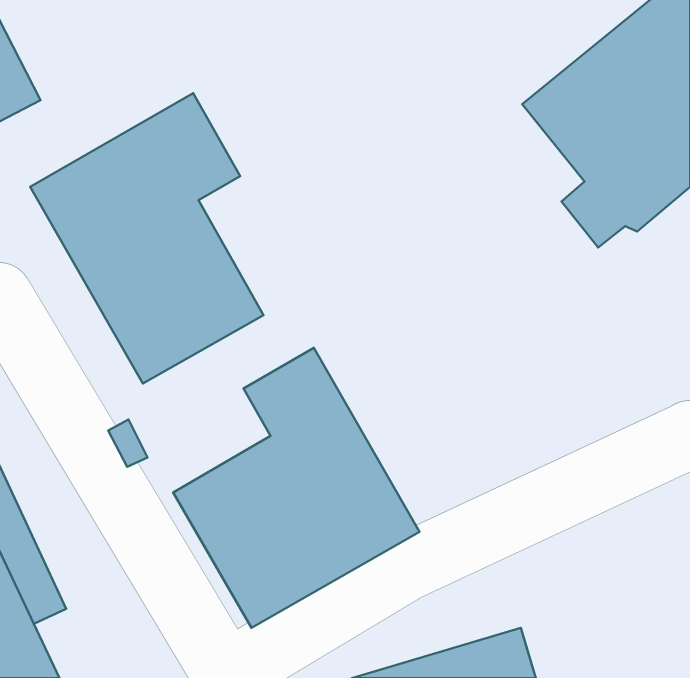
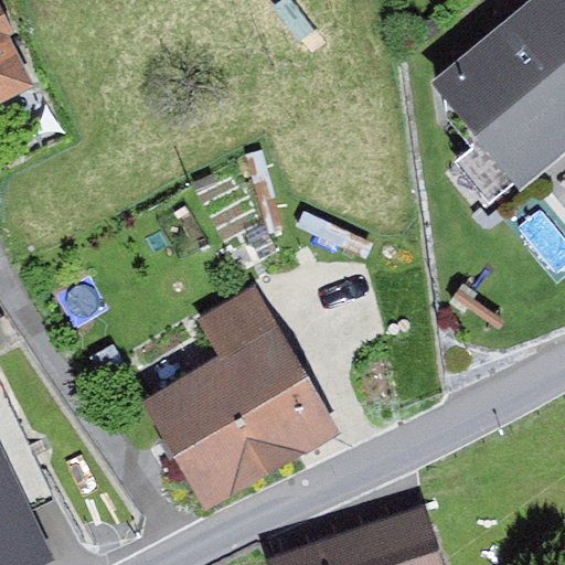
building: [30,93,264,383] -> none

